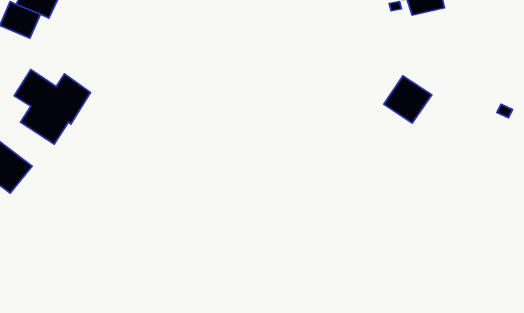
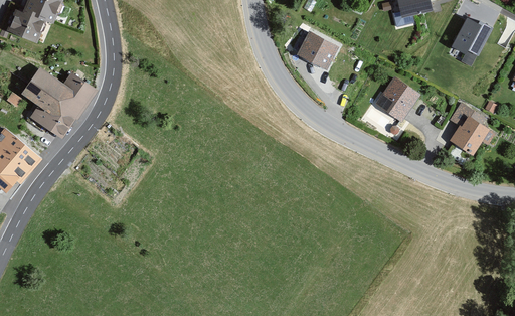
building: none -> [449,19,490,67]
building: none -> [297,26,340,65]
building: none -> [449,99,490,152]

